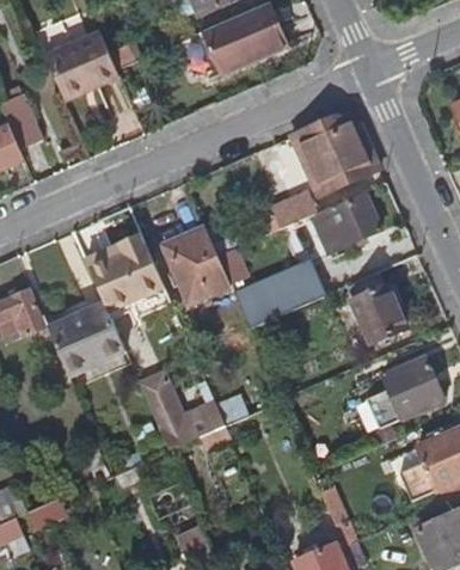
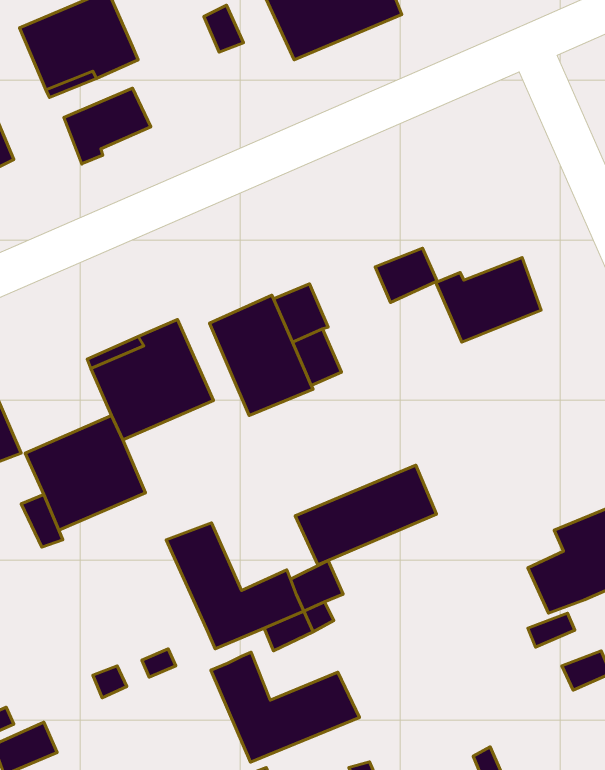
building: none -> [64,88,151,164]
building: [289,116,380,192] -> none
building: [235,264,325,327] -> [295,465,437,565]
building: [349,271,407,342] -> none
building: none -> [211,652,359,762]

